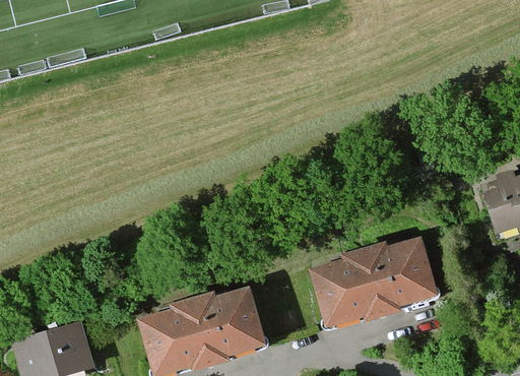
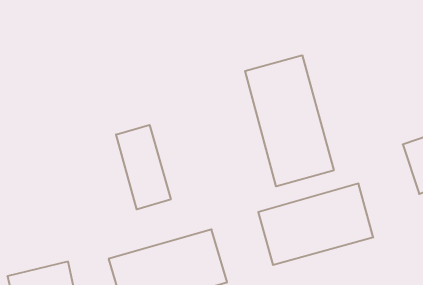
building: none -> [245,55,334,186]
building: none -> [116,125,171,209]

